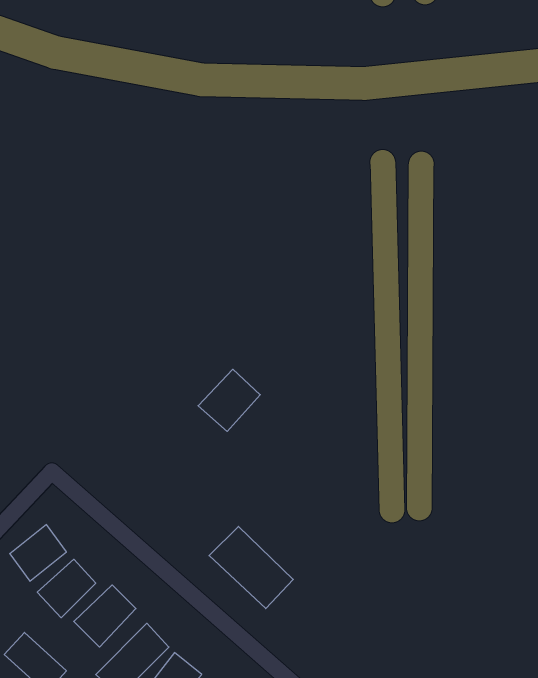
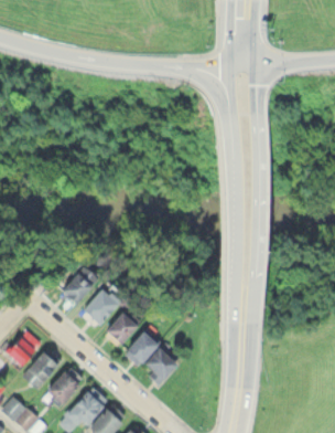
building: [198,369,260,431] -> [83,288,120,326]
building: none -> [61,268,98,306]
building: none -> [106,308,141,346]

